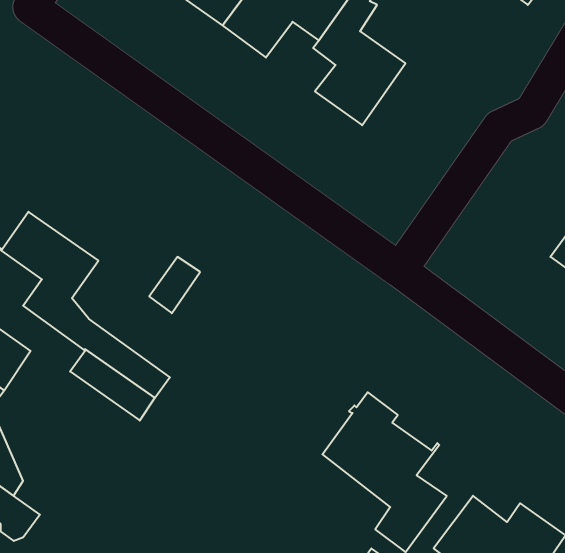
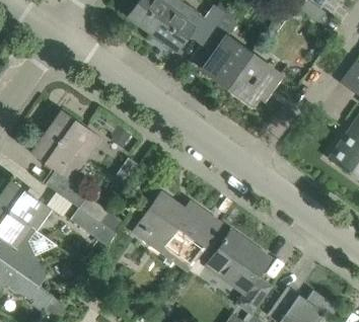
building: none -> [227,53,280,103]
building: none -> [48,109,101,159]
building: none -> [133,191,220,270]

